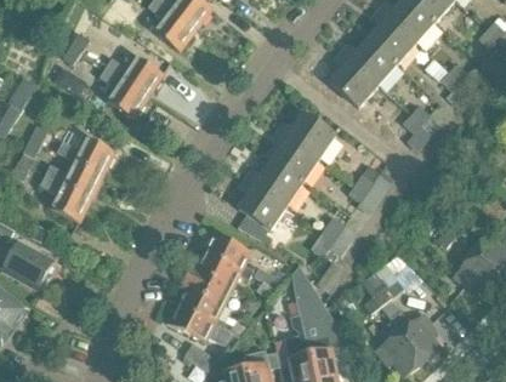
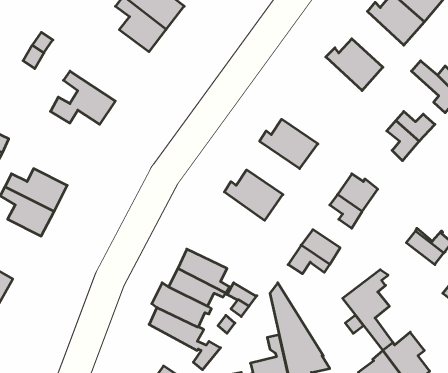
building: [369,12,417,64] -> none
building: [106,53,164,96] -> none
building: [330,55,379,107] -> none
building: [271,133,320,183] -> none
building: [57,135,115,175] -> none
building: [237,181,288,241] -> none
building: [171,304,224,341] -> none

